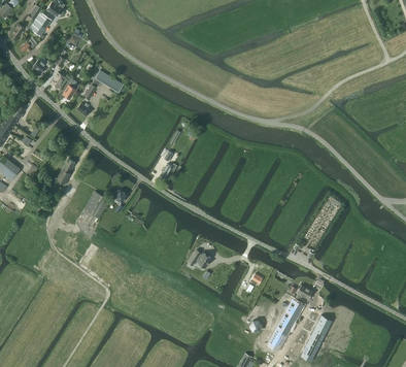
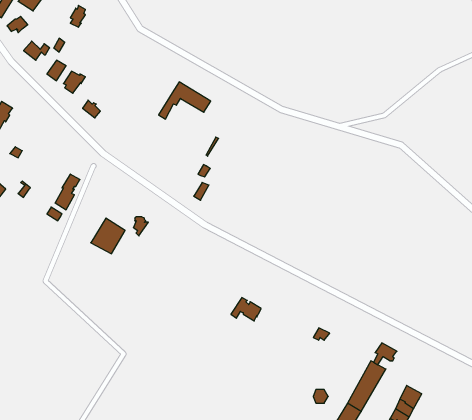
building: [84,70,124,98] -> [159,82,211,119]

